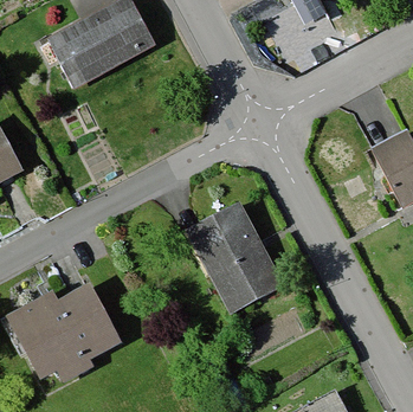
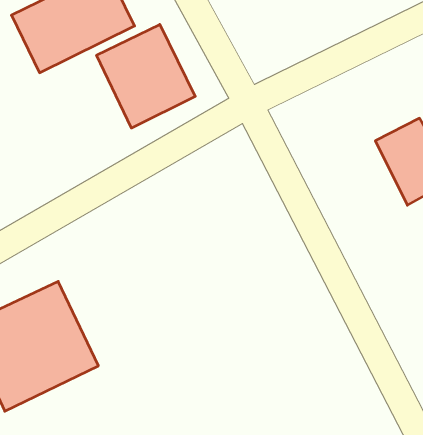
building: none -> [97,24,195,128]
building: [185,199,283,314] -> none

